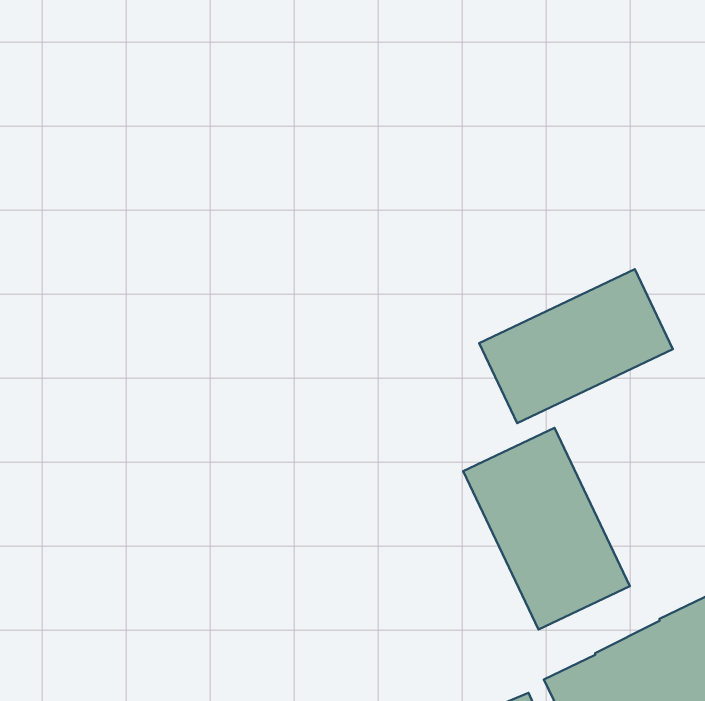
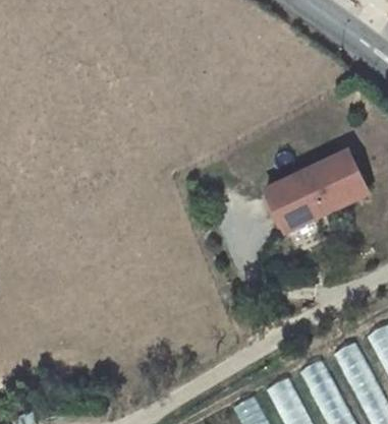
building: [463,428,630,629] -> none

